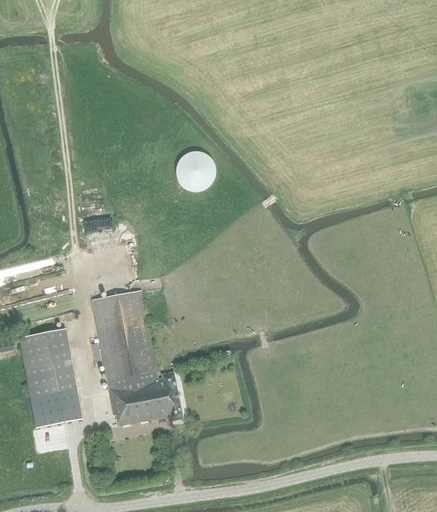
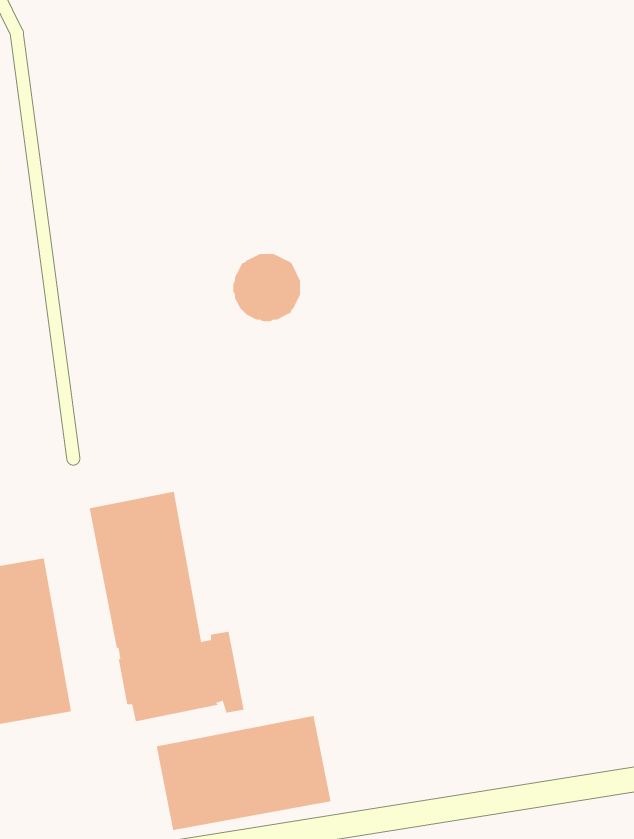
building: none -> [156,715,331,831]

